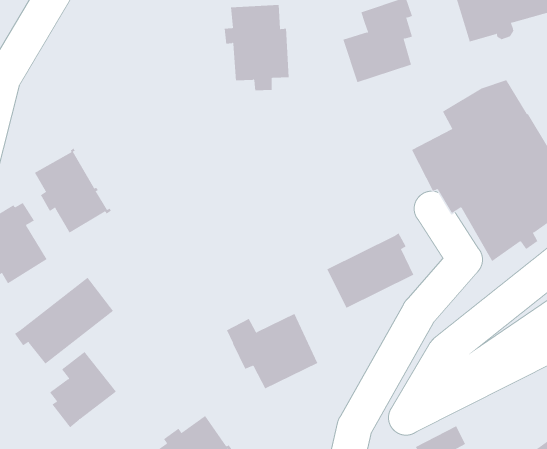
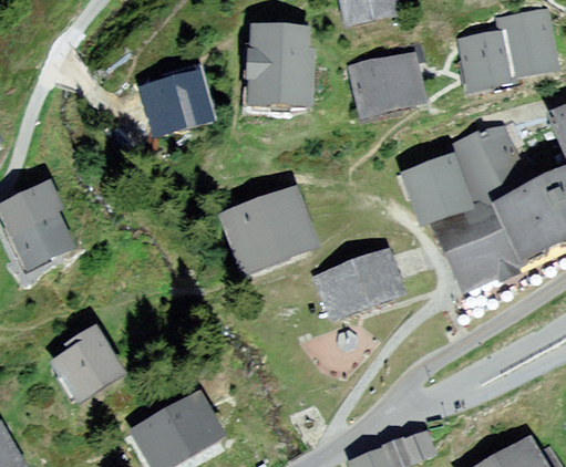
building: none -> [154,79,204,128]
building: [34,147,112,234] -> none
building: [14,277,114,364] -> none
building: [226,313,318,389] -> [226,198,307,264]

